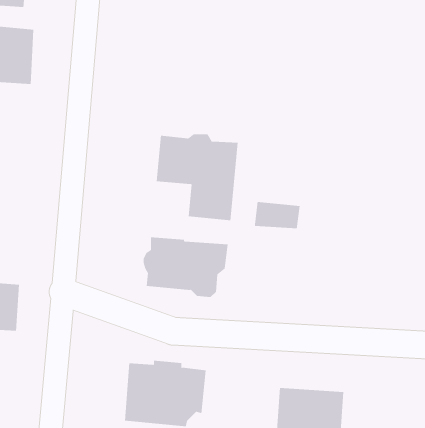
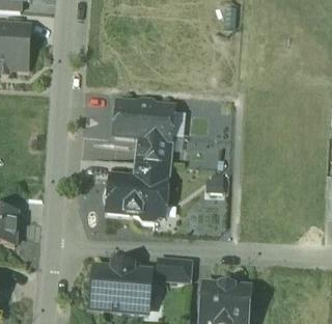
building: [254,201,300,229] -> [135,163,168,183]
building: none -> [157,261,192,282]

